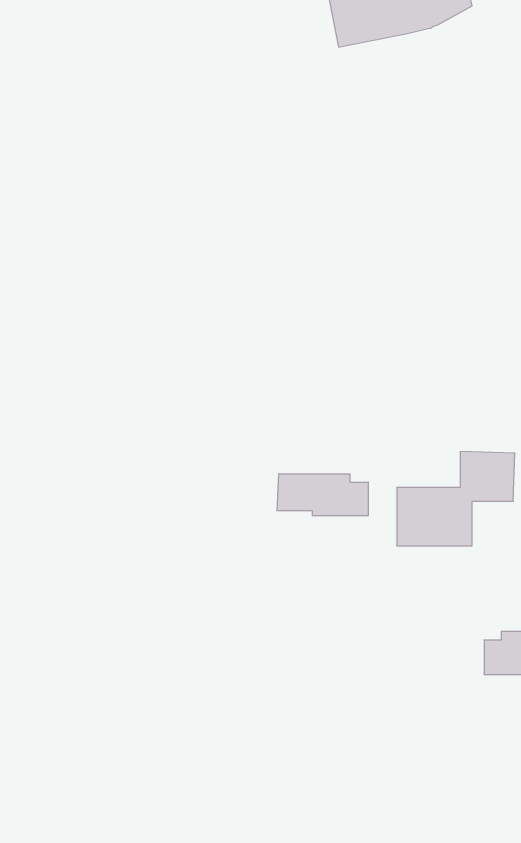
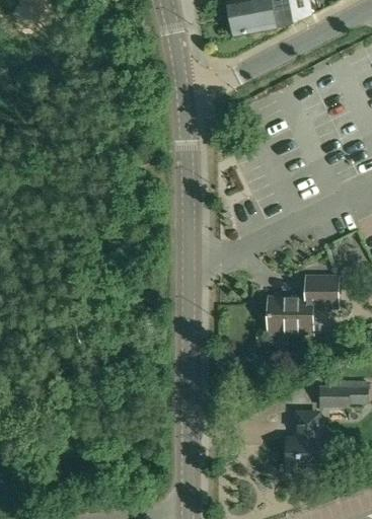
building: [277,474,368,516] -> none
building: none -> [287,412,319,468]

